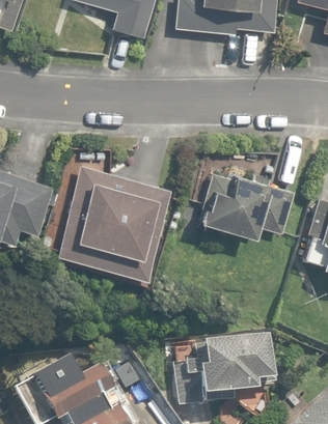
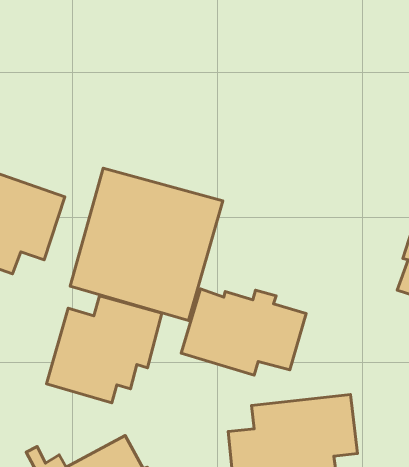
building: [199,173,294,238] -> [181,289,306,375]
building: none -> [46,296,162,403]

